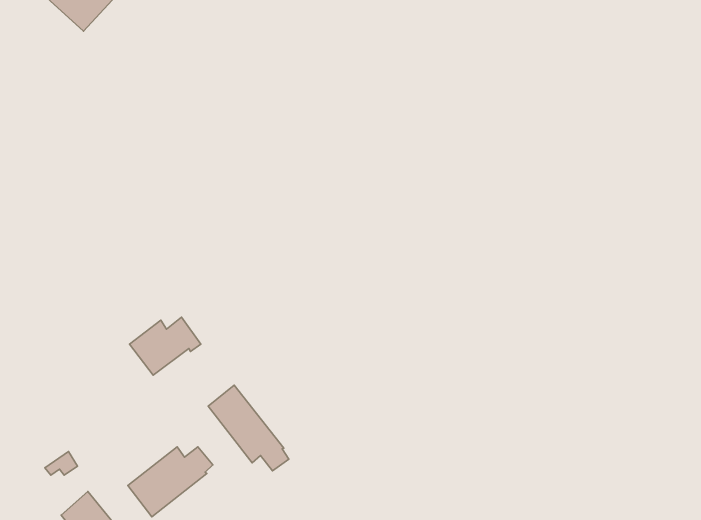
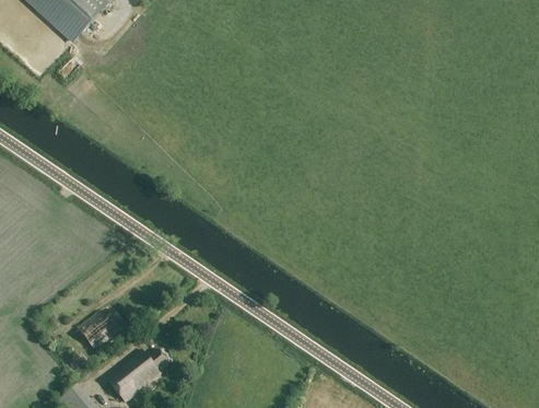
building: [129,317,201,375] -> [75,307,128,350]
building: [208,385,289,471] -> none

